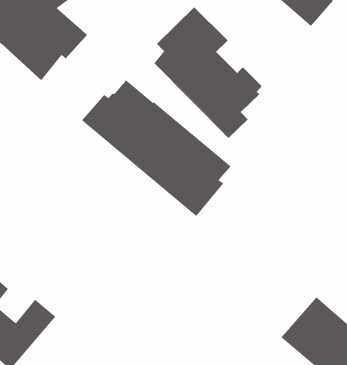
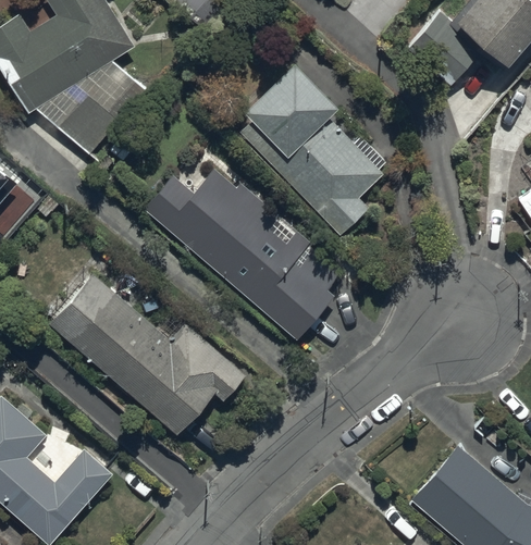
building: none -> [47,273,245,437]

